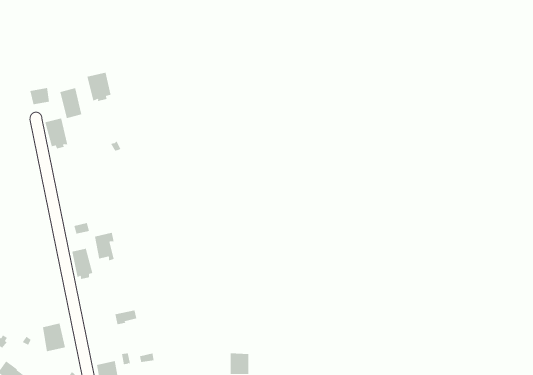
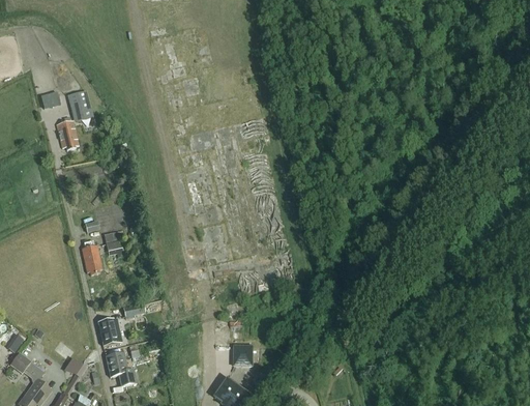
building: [87,72,111,102] -> none
building: [42,323,66,352] -> [97,318,120,346]

